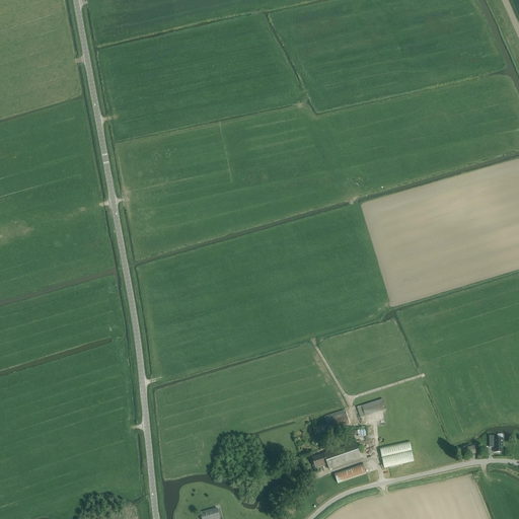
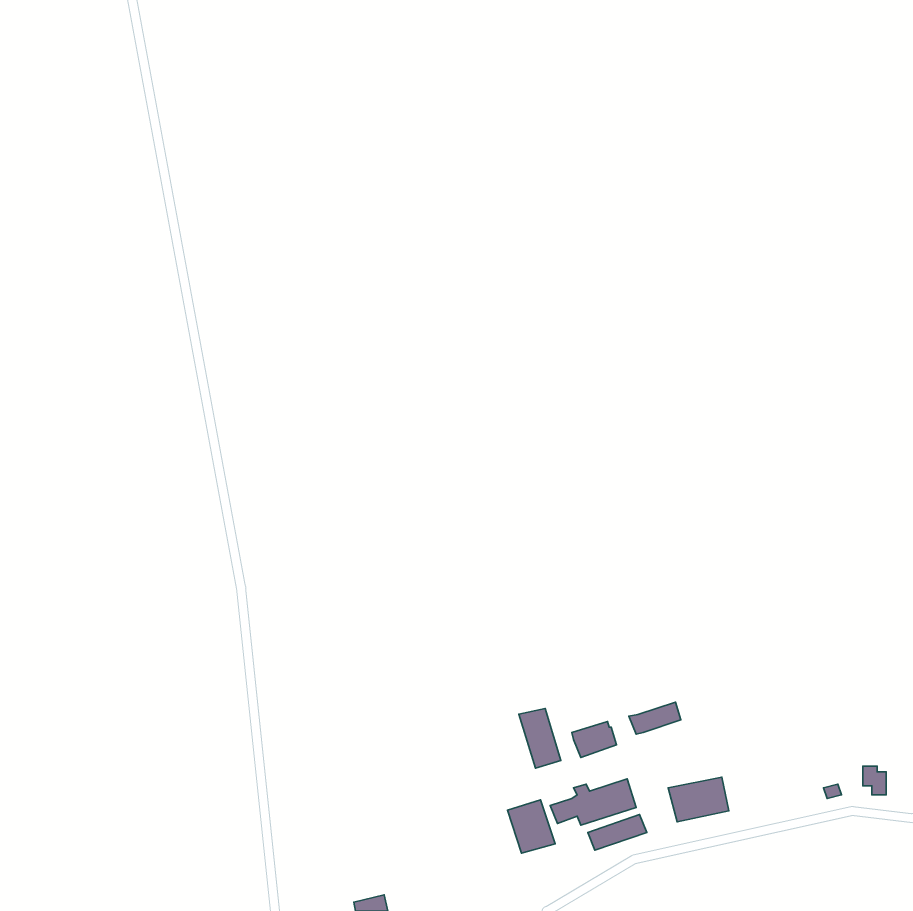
building: none -> [519,708,561,768]
building: none -> [508,800,555,853]

